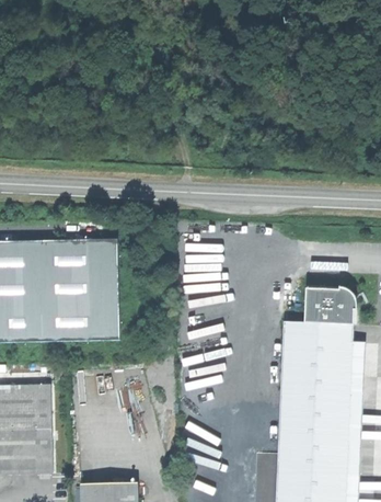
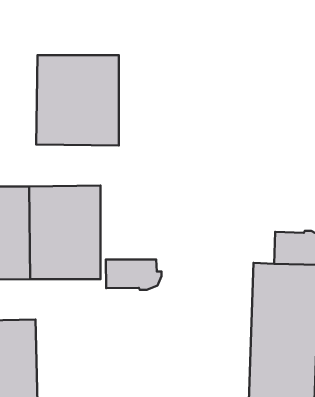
building: none -> [36,55,119,145]
building: none -> [106,259,162,290]

